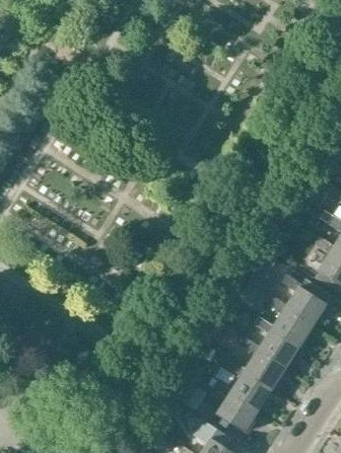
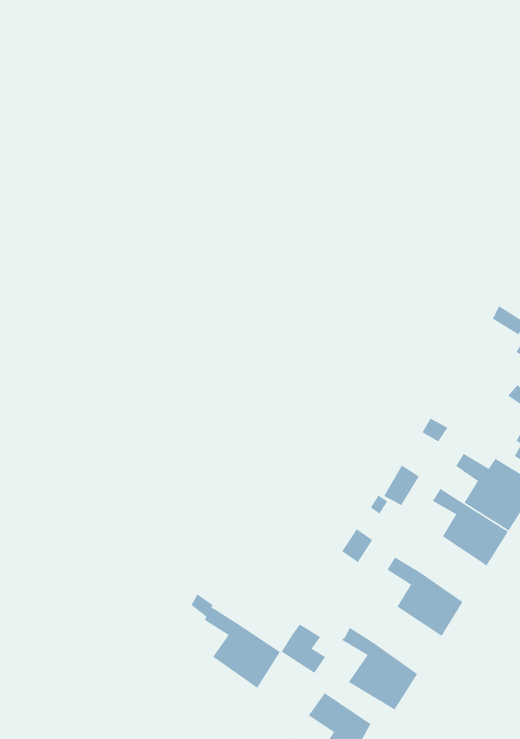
building: [254,318,300,367] -> none
building: [218,353,273,410] -> [191,593,281,689]

